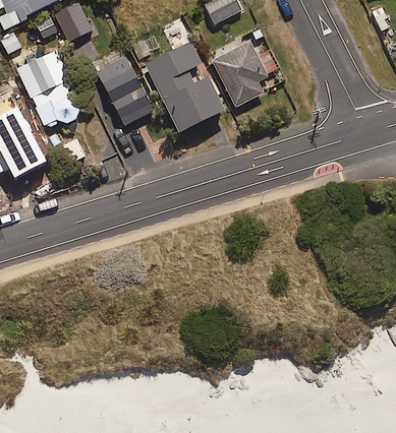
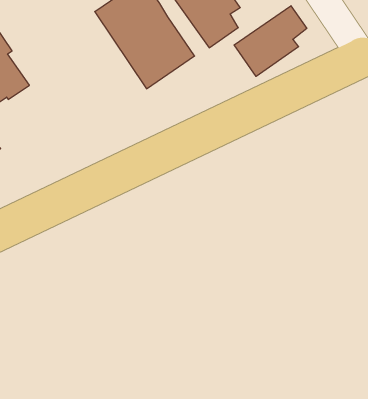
building: [97,56,156,124] -> none
building: none -> [234,6,307,76]

